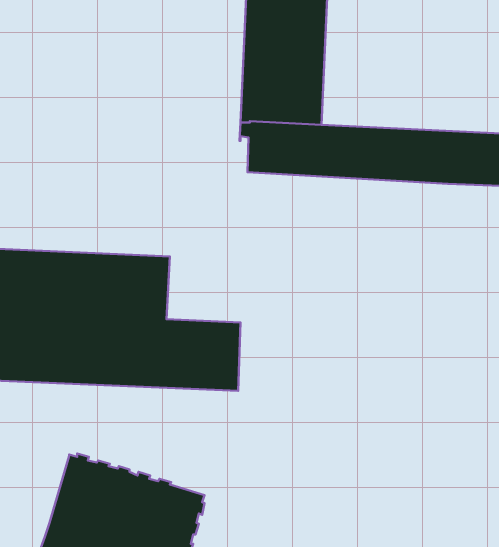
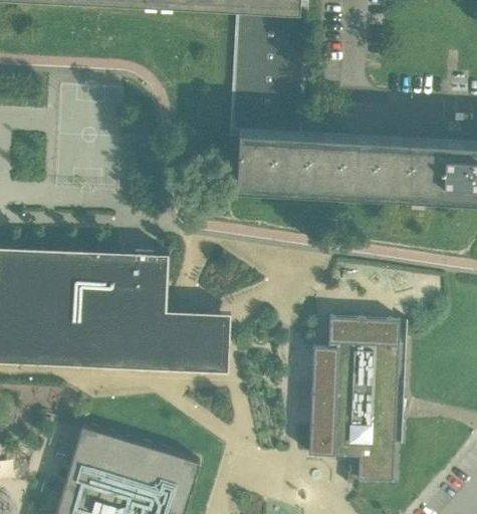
building: none -> [308,319,407,483]

